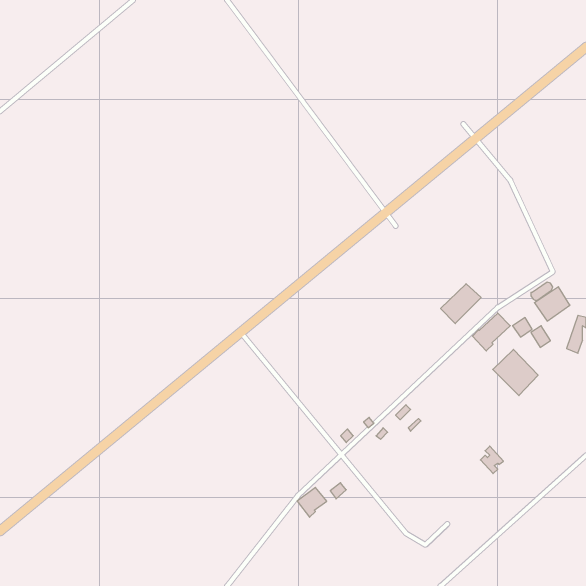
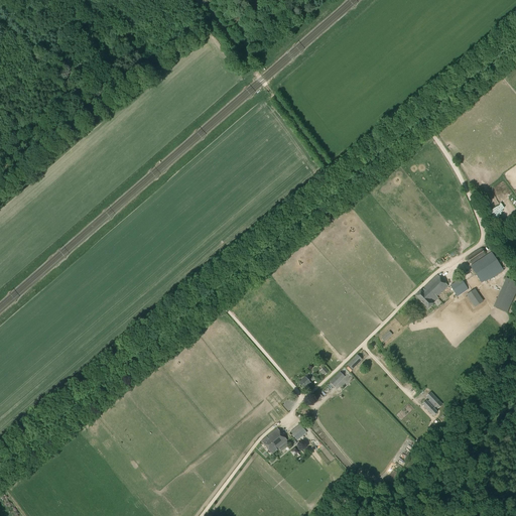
building: [441,284,481,324] -> none
building: [493,349,538,396] -> none

